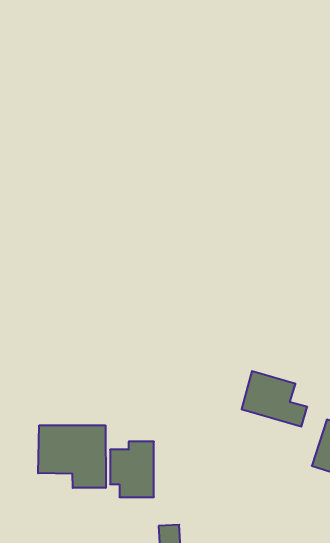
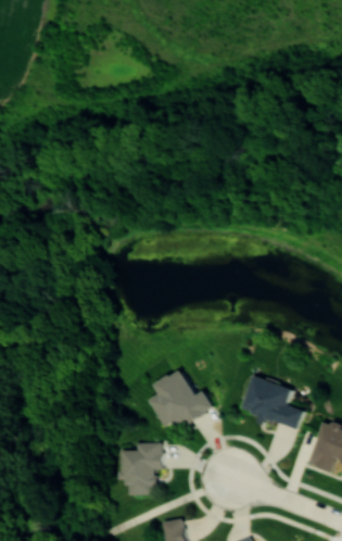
building: none -> [149,369,213,431]
building: [38,425,106,488] -> none

